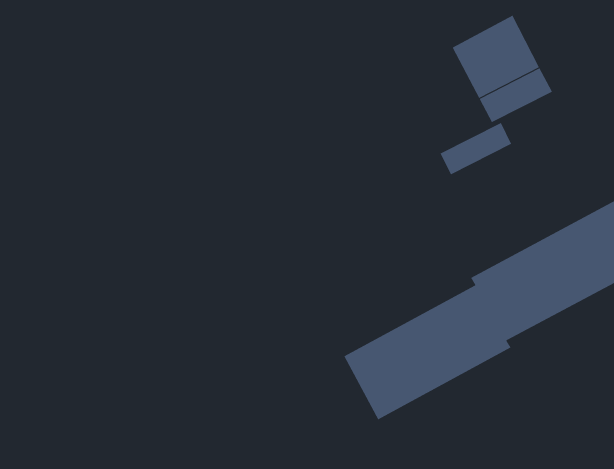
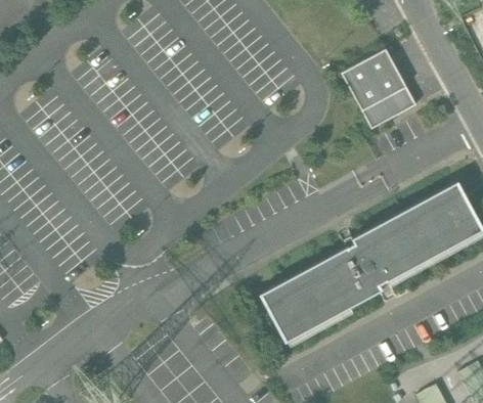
building: [440,122,512,175] -> none

